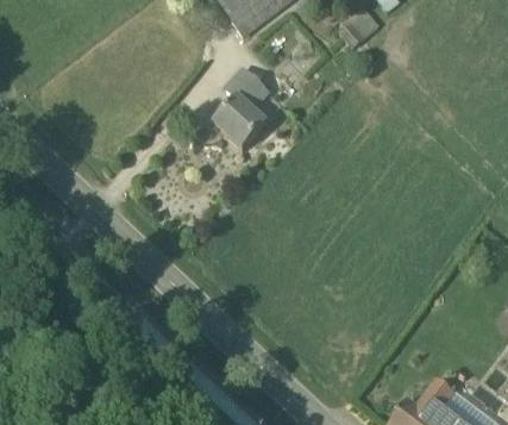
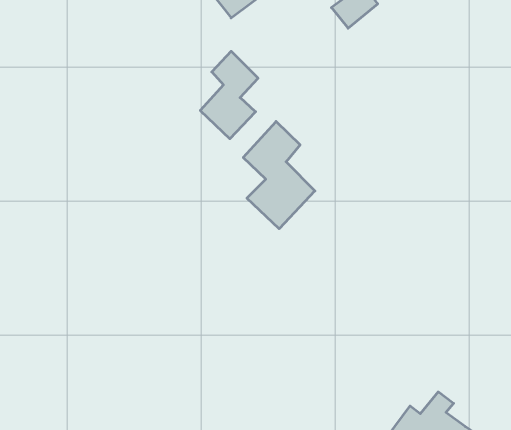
building: none -> [243,121,315,229]

